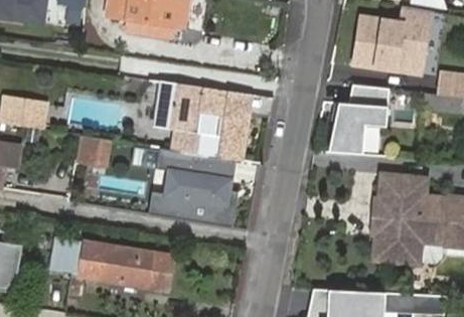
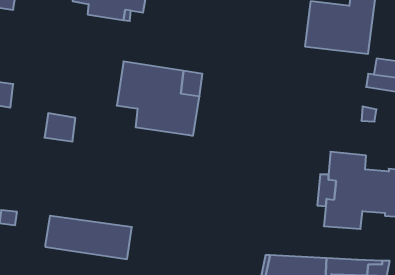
building: [334,83,390,153] -> none
building: [147,147,237,225] -> none
building: [48,240,85,276] -> none

